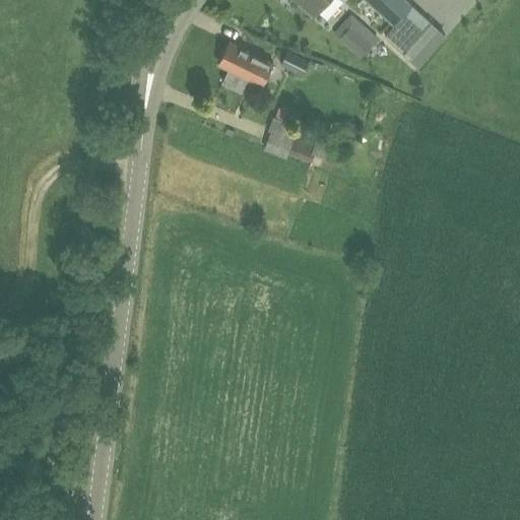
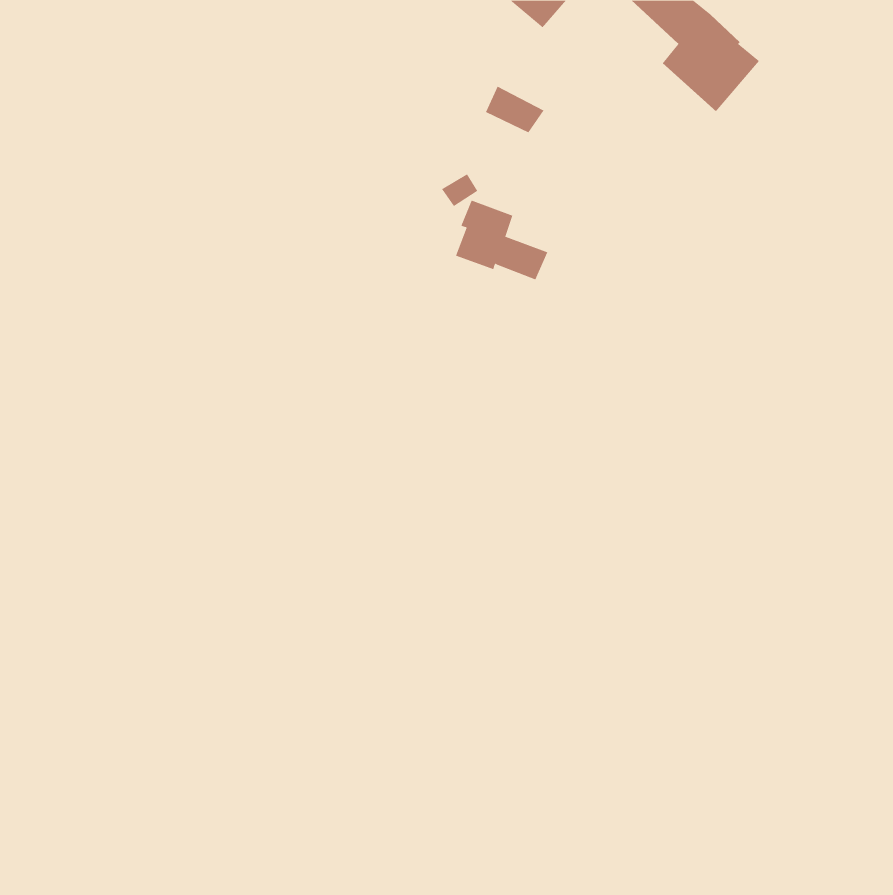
building: [334,13,379,58] -> none
building: [220,44,266,88] -> none

